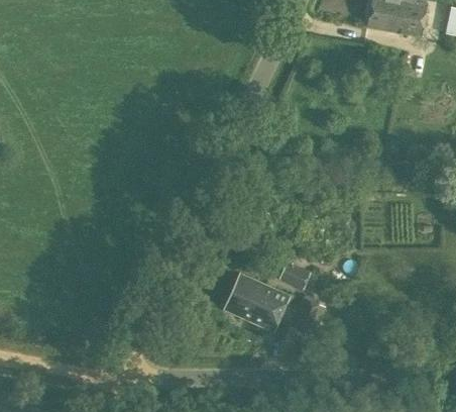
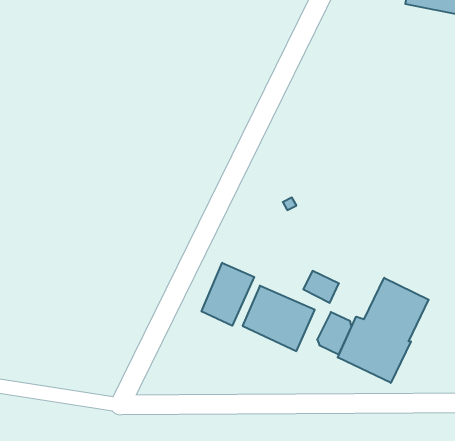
building: none -> [202,263,254,326]
building: none -> [338,278,429,383]

